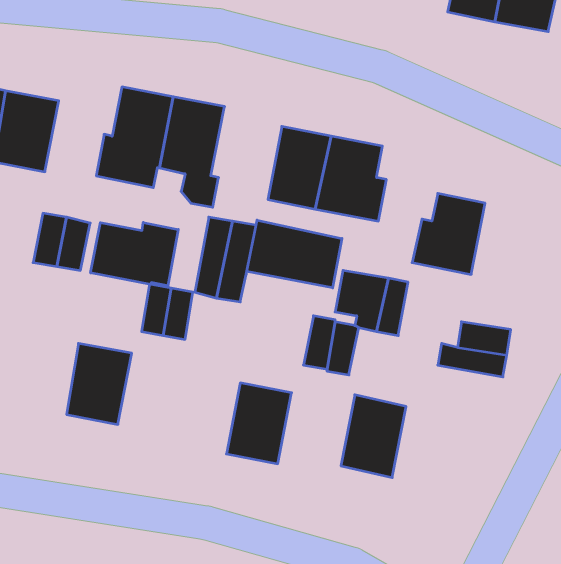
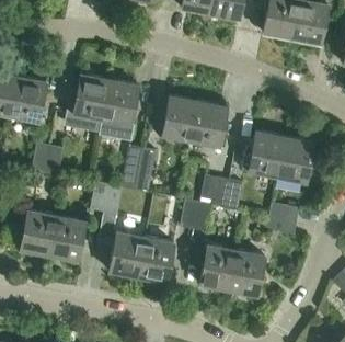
building: none -> [274,138,312,183]
building: [247,220,342,288] -> none
building: [91,222,178,286] -> none
building: none -> [21,210,56,255]
building: none -> [110,233,146,277]
building: none -> [230,251,266,296]

